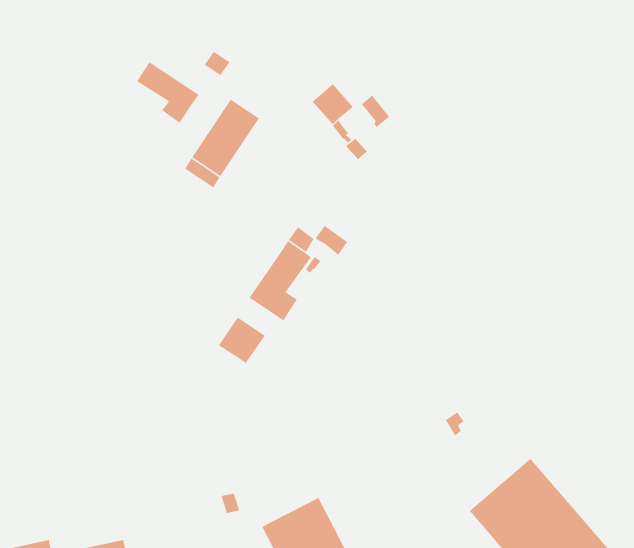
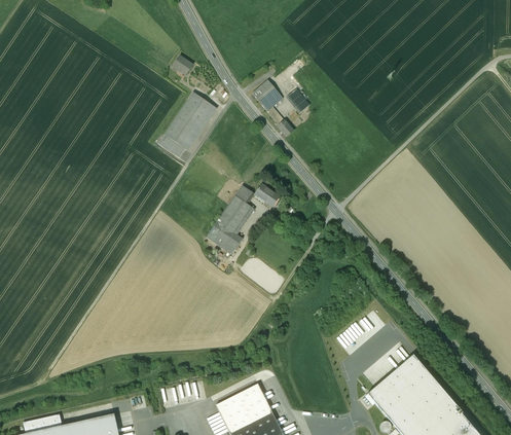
building: [136,61,199,124] -> none
building: [218,316,266,364] -> none

